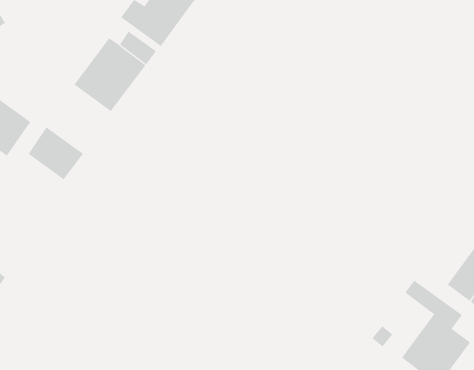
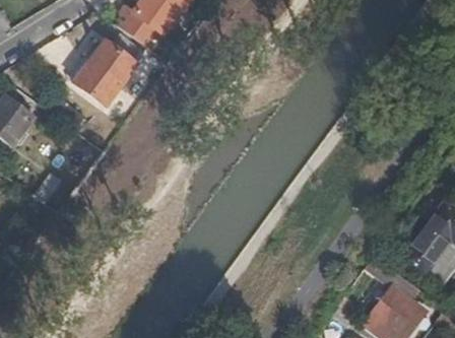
building: [28,126,84,180] -> none

